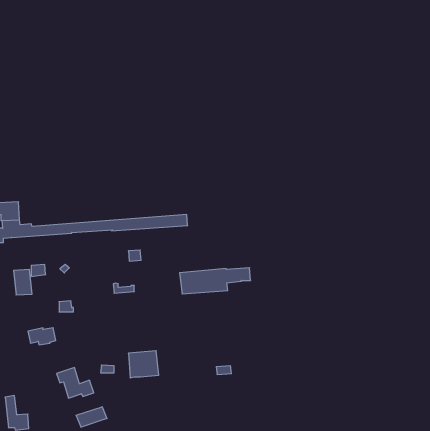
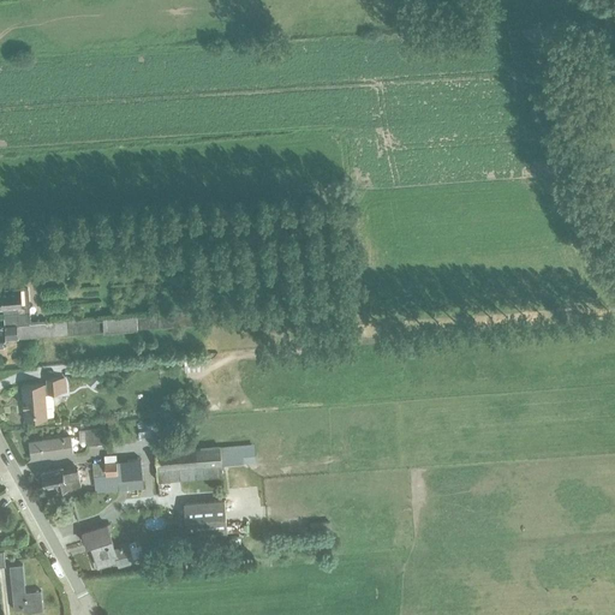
building: [180,268,251,294] -> [153,444,253,482]
building: none -> [26,435,72,460]
building: none -> [90,454,142,492]
building: [76,407,107,427] -> none

